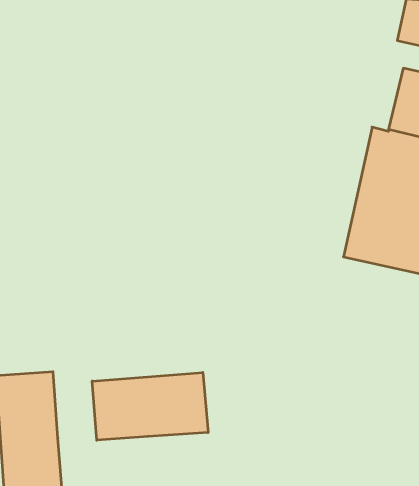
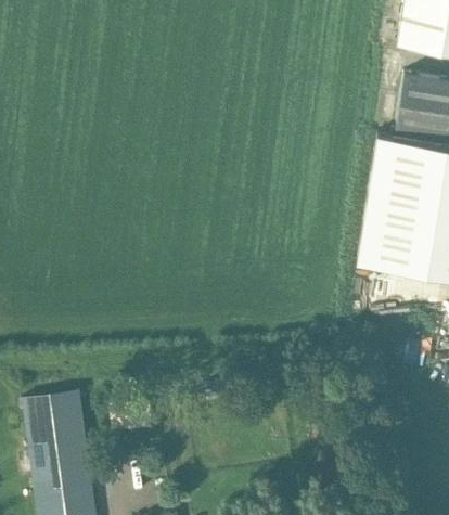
building: [92,372,208,440] -> none

